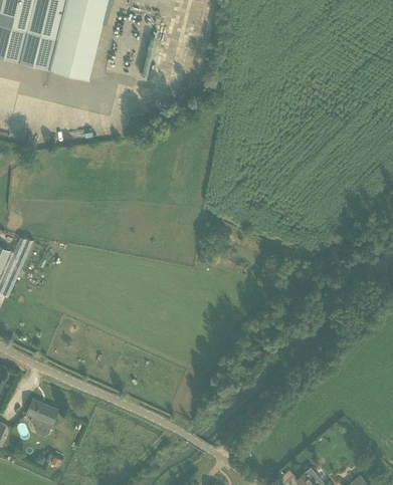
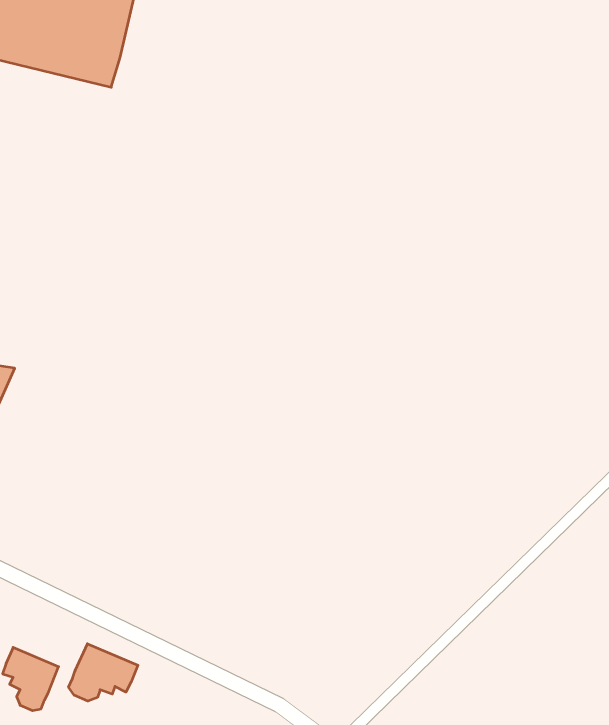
building: none -> [69,644,138,701]

